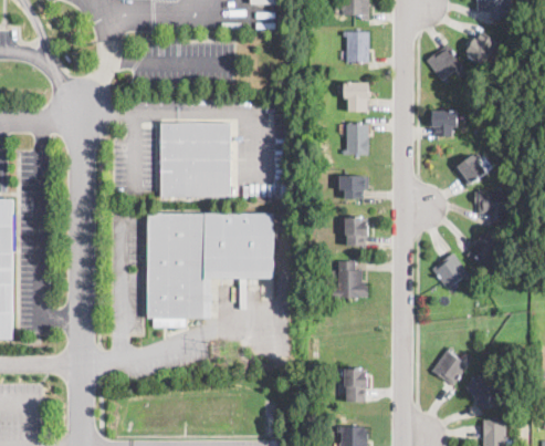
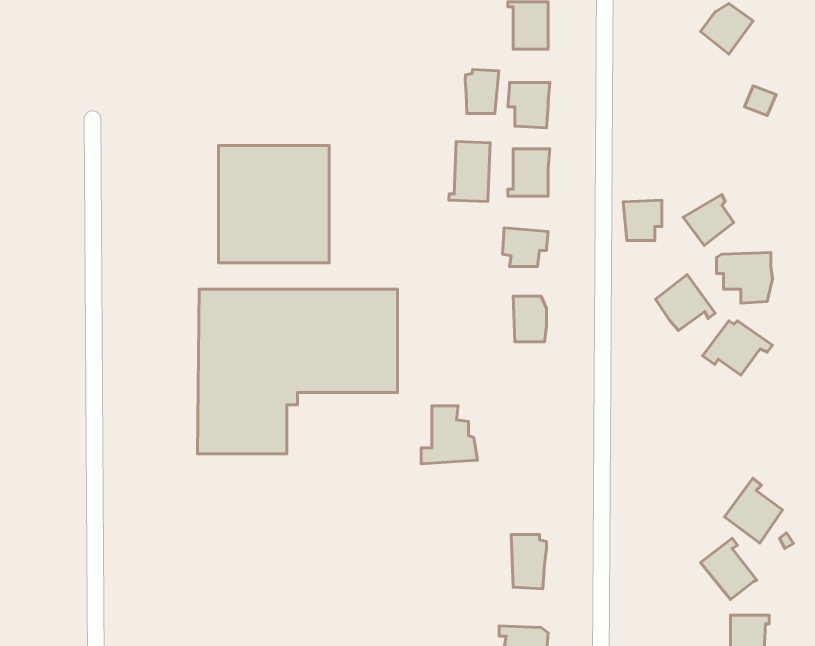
building: [427,45,462,84] -> none
building: none -> [465,69,499,114]
building: [432,111,457,136] -> [623,200,662,241]
building: none -> [449,142,490,202]
building: [432,253,470,289] -> [656,275,715,331]
building: [332,262,367,299] -> [421,406,477,464]
building: [431,346,468,387] -> [725,478,783,543]

